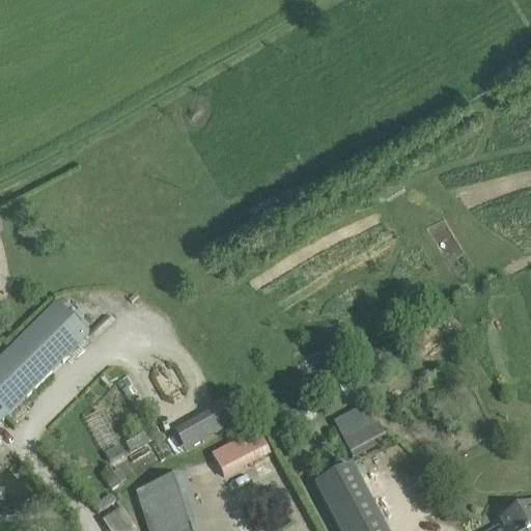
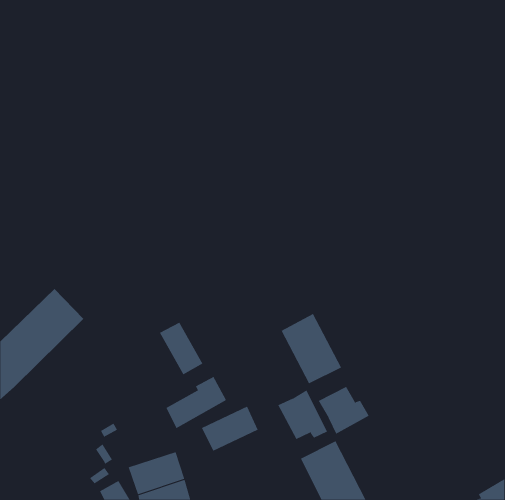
building: none -> [281,313,342,384]
building: none -> [159,322,203,375]
building: none -> [277,390,328,440]

